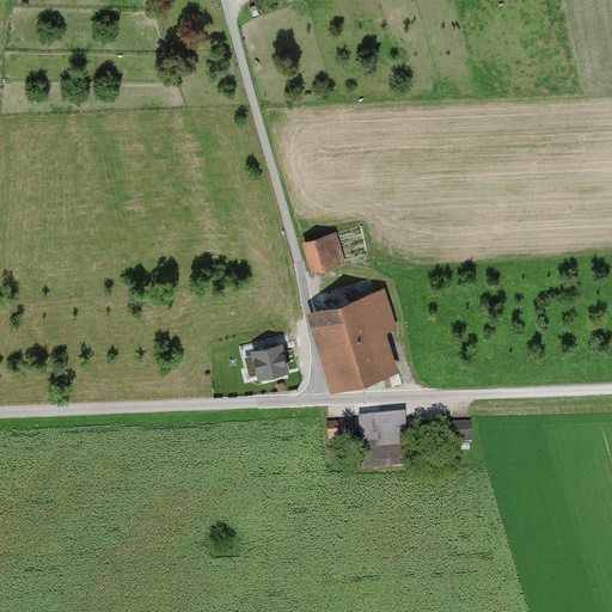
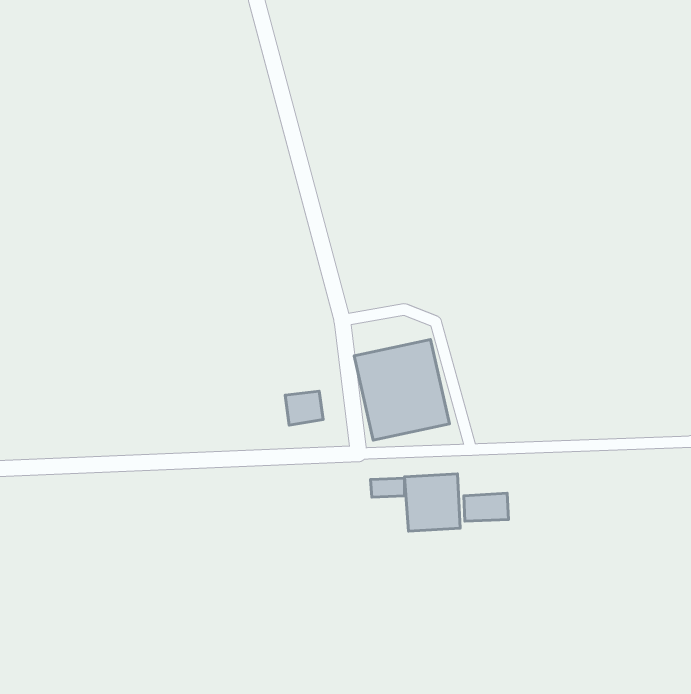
building: [302,234,341,270] -> none
building: none -> [464,493,508,521]

